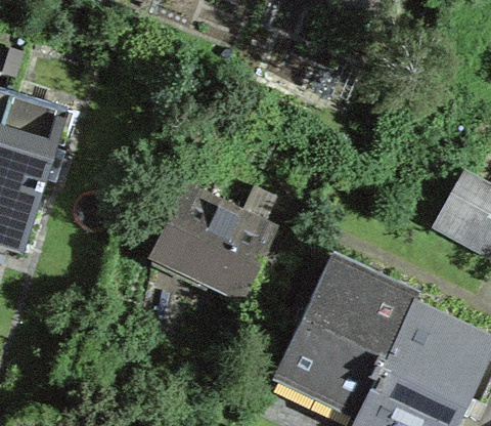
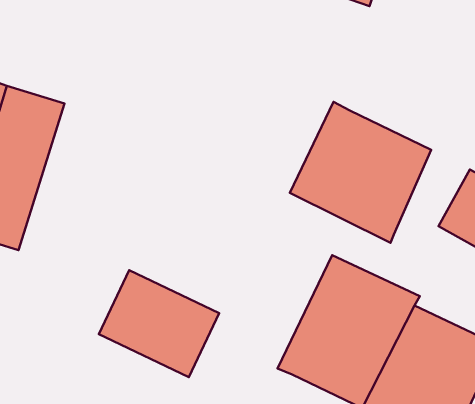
building: none -> [290,102,431,243]
building: [155,188,273,293] -> [99,270,219,377]

